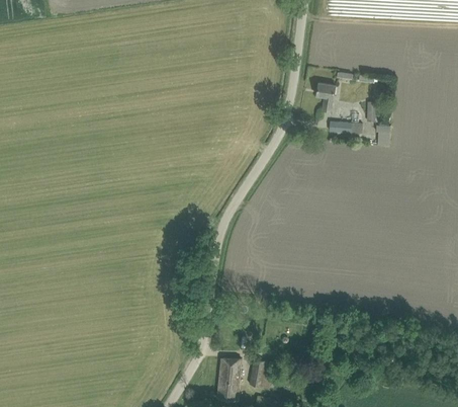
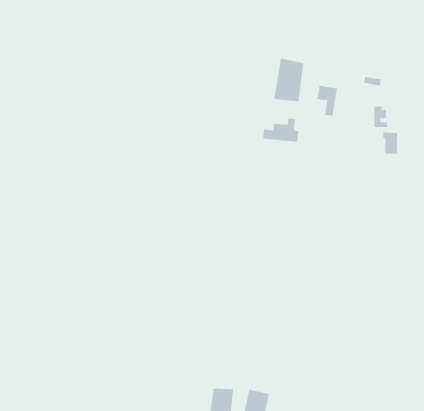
building: none -> [274,58,304,102]
building: [329,111,362,134] -> [262,118,299,142]

